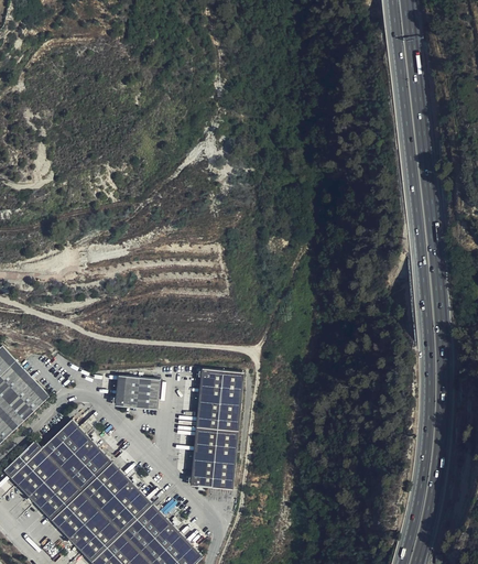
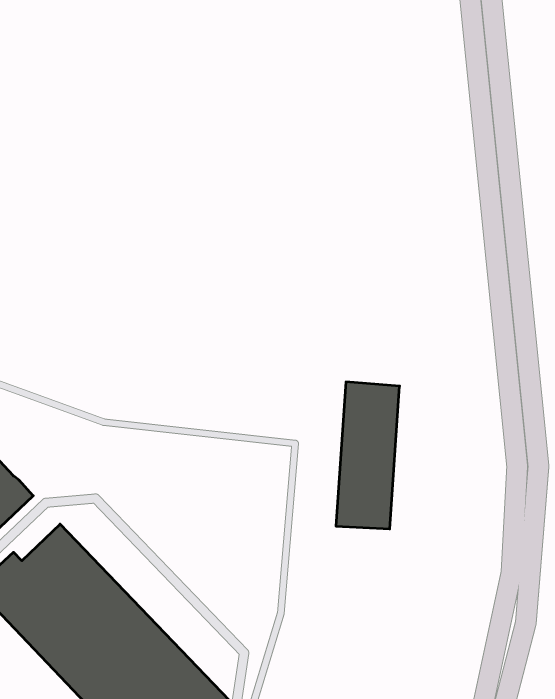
building: [192,372,241,487] -> [336,382,400,529]
building: [116,373,160,409] -> none

